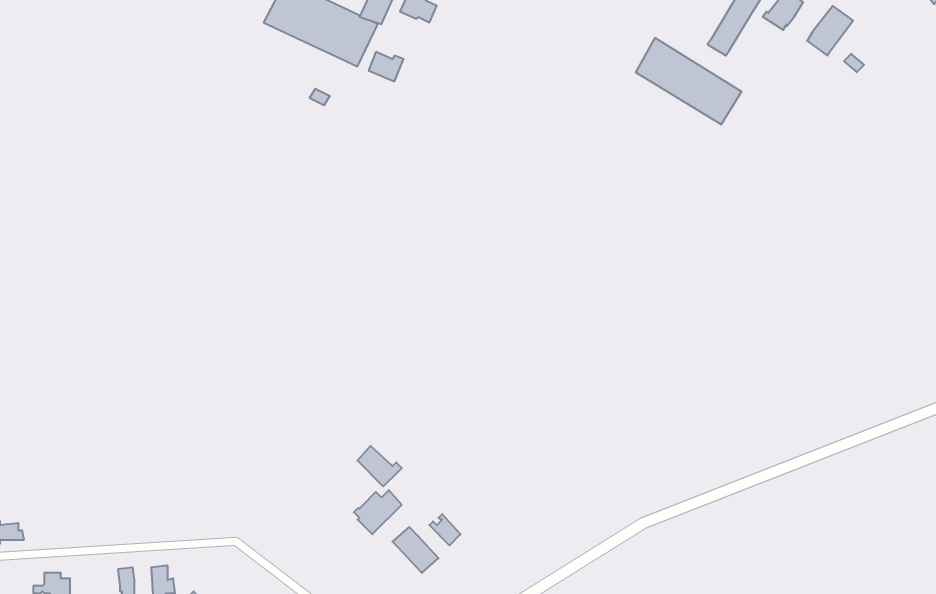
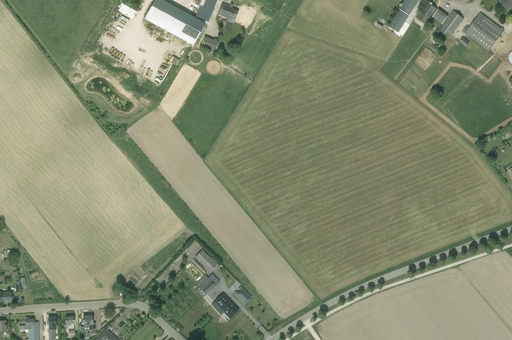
building: none -> [465,12,504,50]
building: [636,38,741,125] -> none

